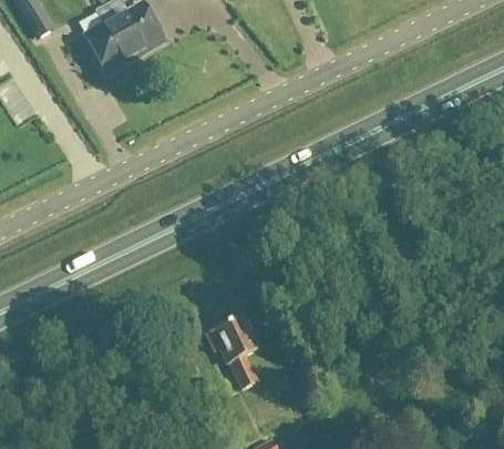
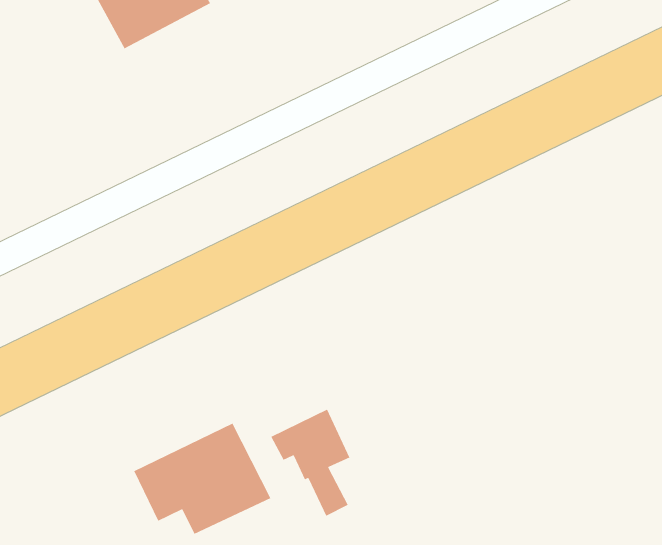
building: none -> [133,423,271,535]

